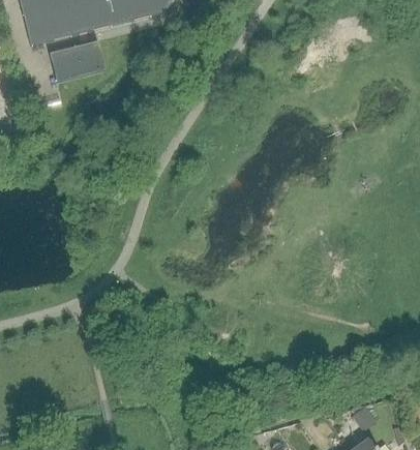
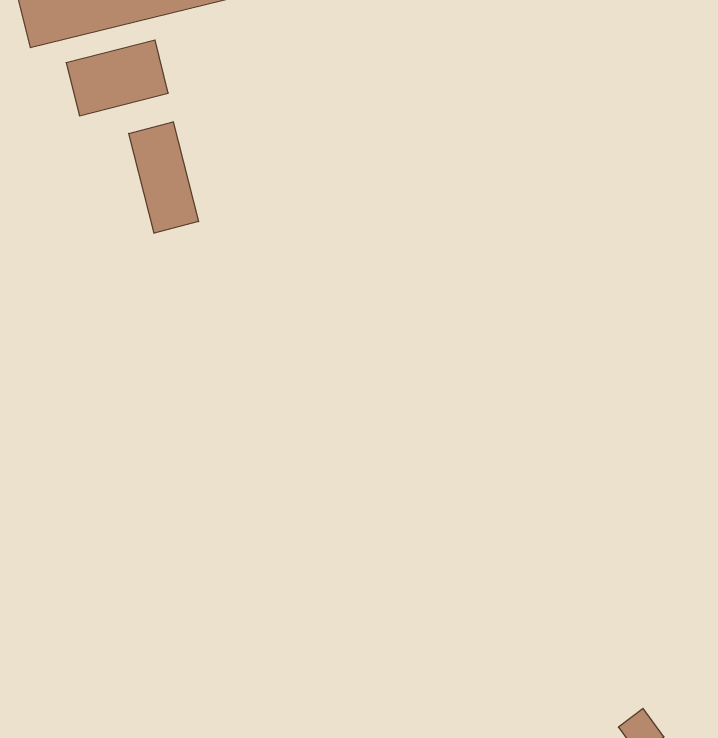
building: none -> [129,122,199,233]

